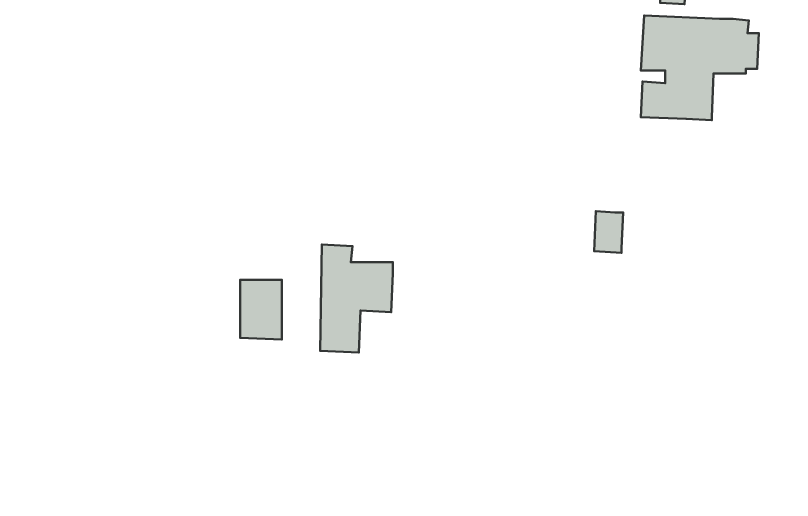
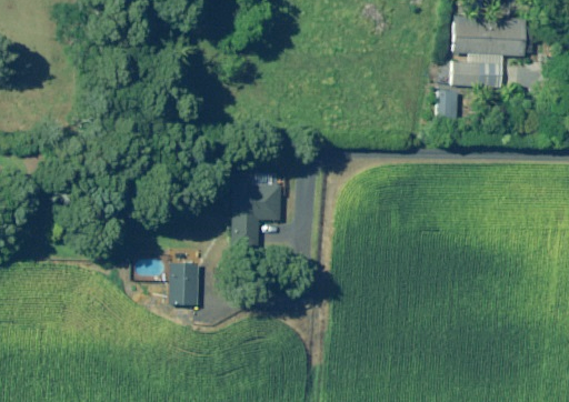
building: [594,211,623,253] -> [437,91,457,120]
building: [240,280,282,339] -> [168,264,197,305]

